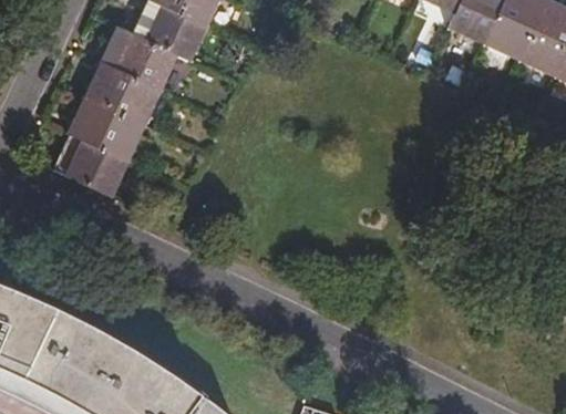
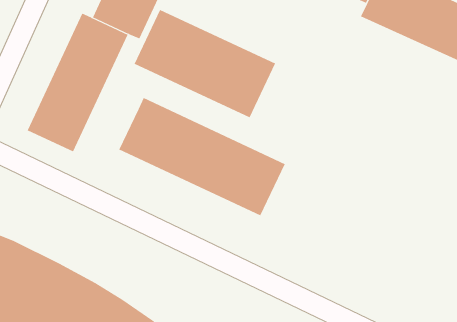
building: none -> [134,9,276,118]
building: none -> [119,97,285,216]

